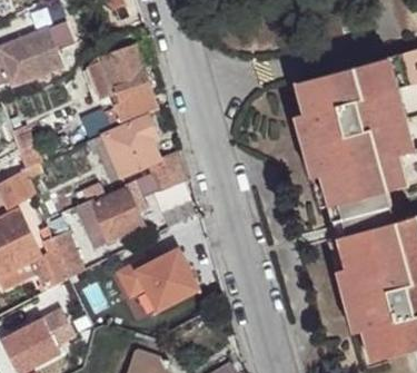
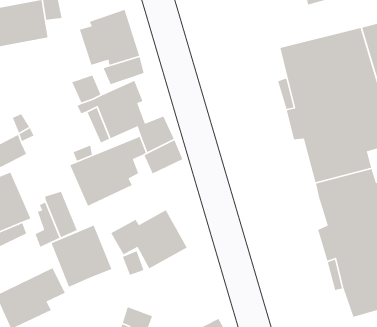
building: none -> [50,224,112,288]

